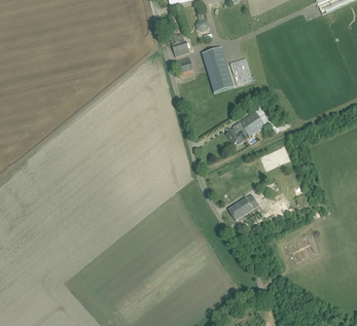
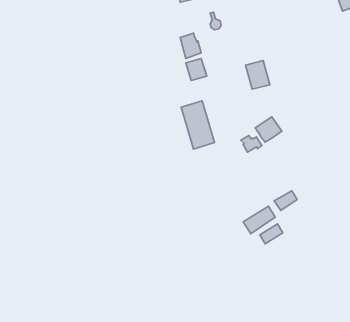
building: [202,46,233,92] -> [181,101,214,149]

